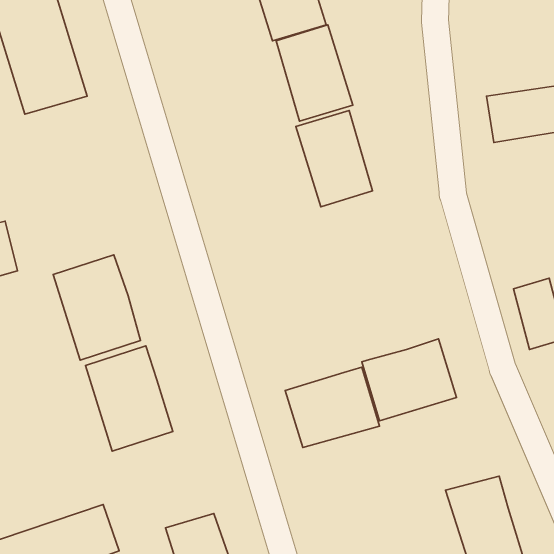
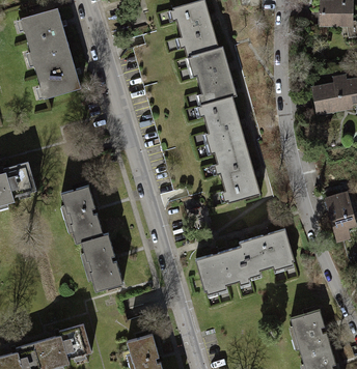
building: none -> [214,143,258,199]

